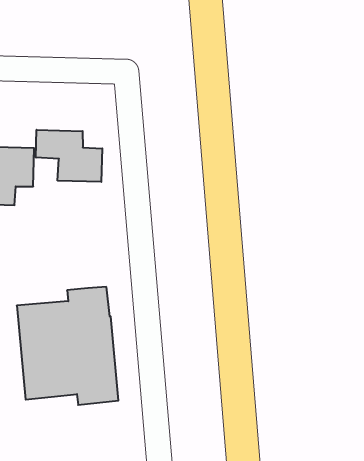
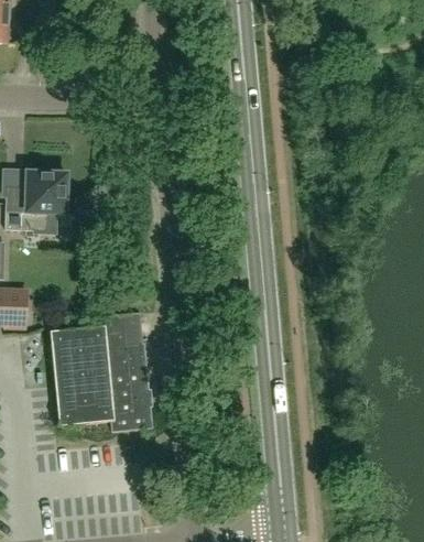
building: [36,130,102,182] -> none

